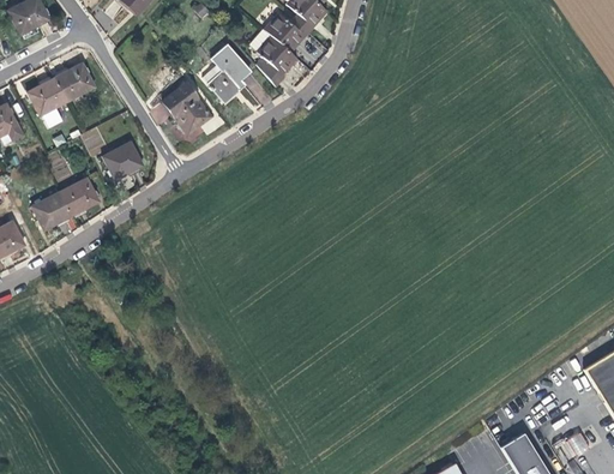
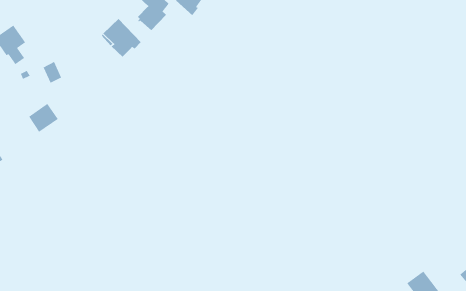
building: [54,61,94,100] -> none
building: [103,139,142,175] -> none
building: [34,191,71,226] -> none

